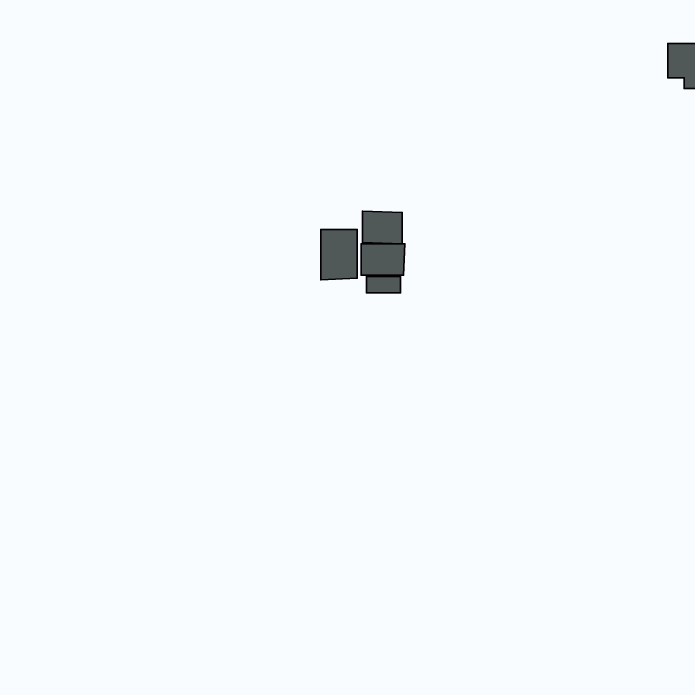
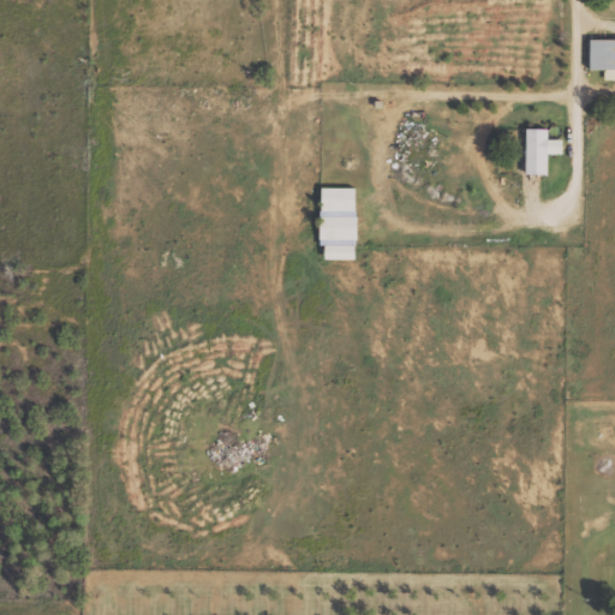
building: none -> [521,127,561,195]
building: [321,229,357,280] -> none

